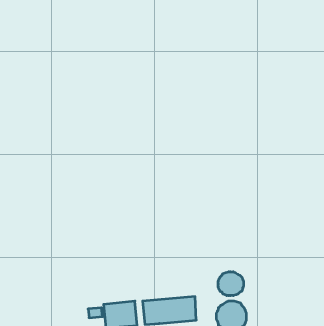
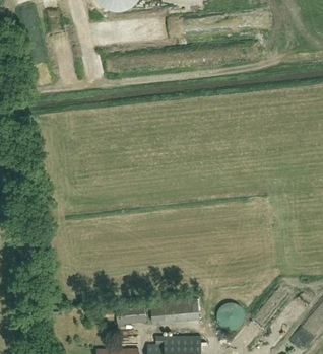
building: [218,272,244,296] -> none

